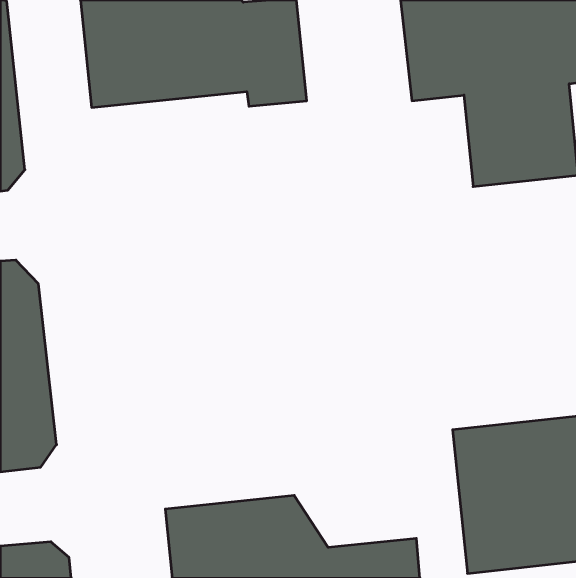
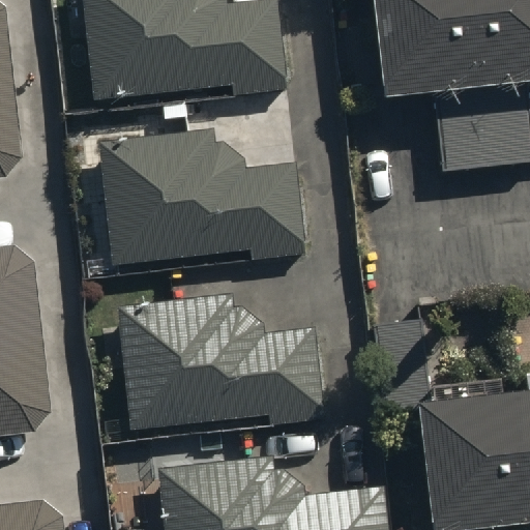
building: none -> [95,130,304,263]
building: none -> [107,295,320,424]

